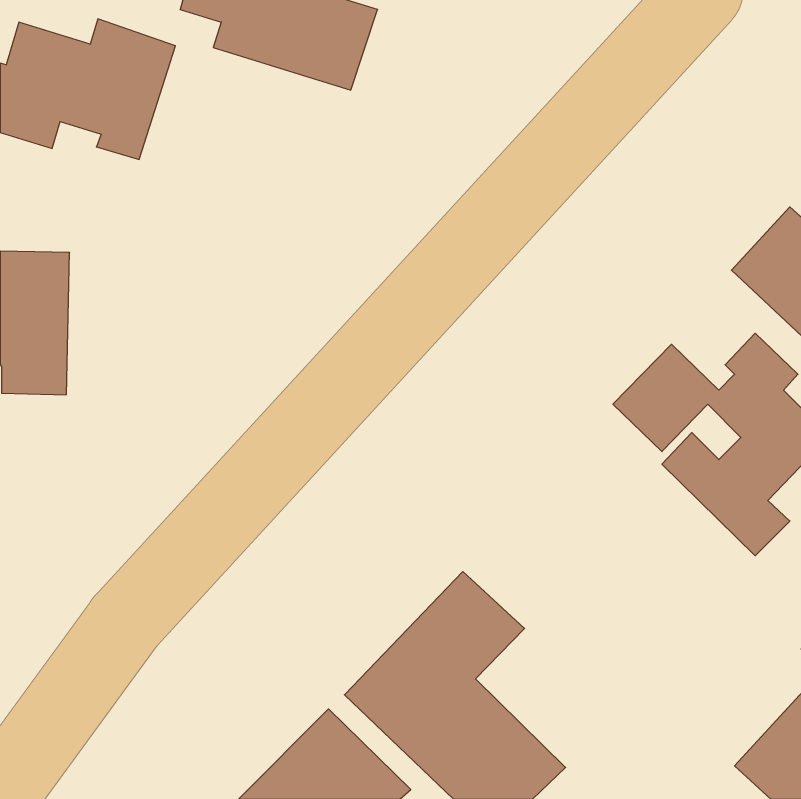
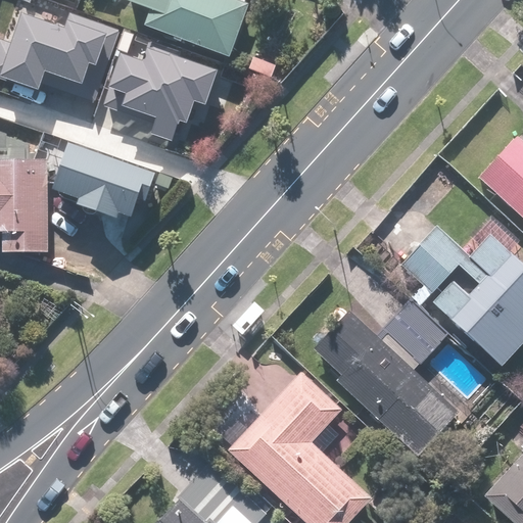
building: none -> [106,40,213,141]
building: none -> [57,144,160,218]
building: none -> [308,295,458,455]

